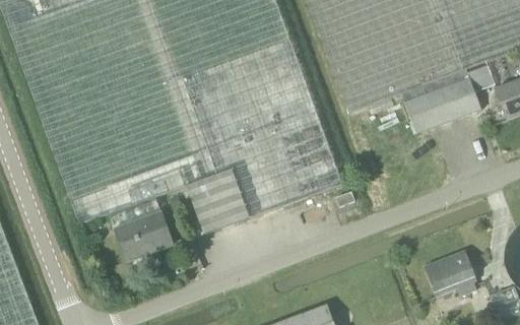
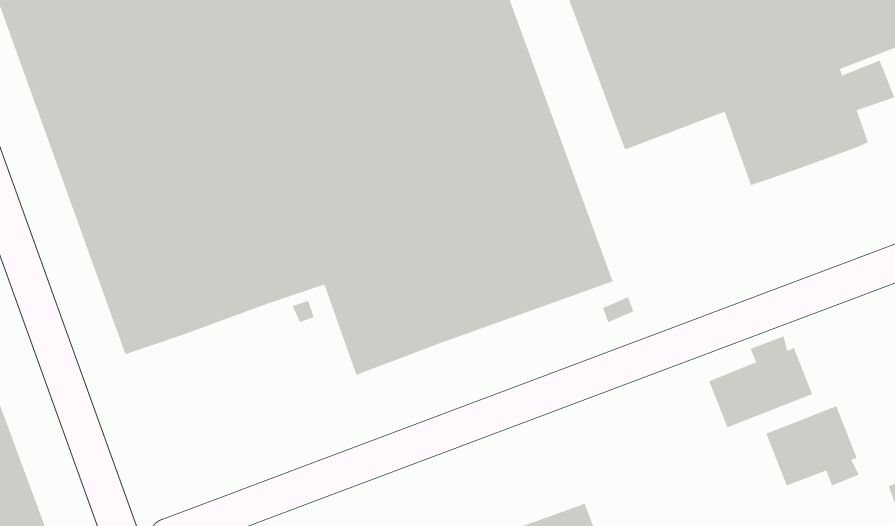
building: [110,195,175,261] -> none
building: none -> [708,335,813,428]

